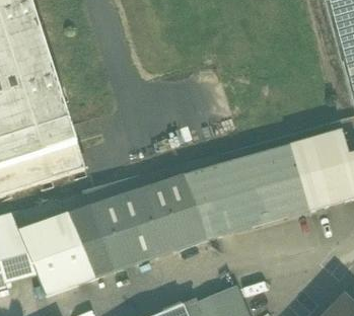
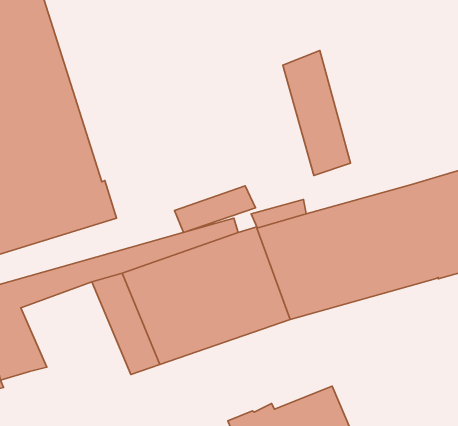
building: none -> [283,50,351,176]
building: none -> [175,186,256,232]
building: [18,213,95,295] -> none

